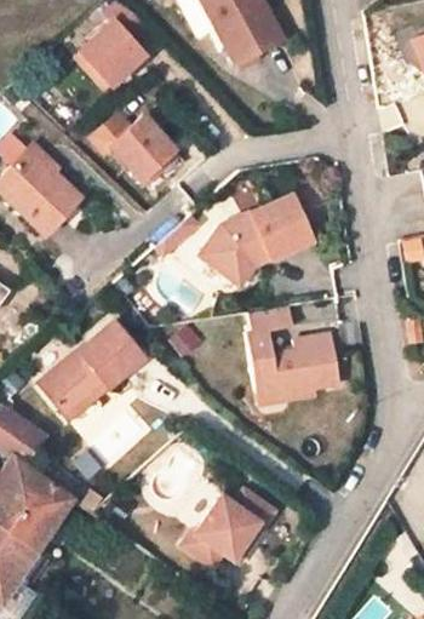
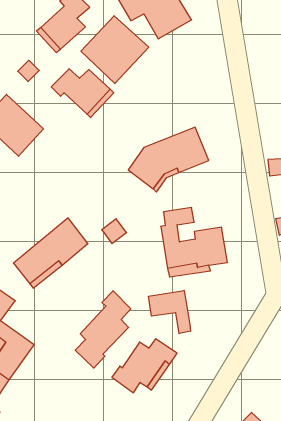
building: none -> [81,16,149,84]
building: none -> [149,290,191,334]
building: none -> [75,291,131,368]

